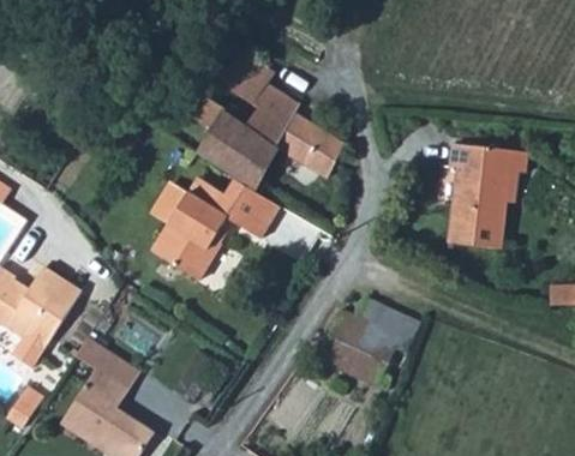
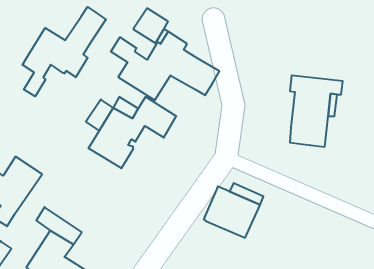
building: none -> [22,7,106,96]

